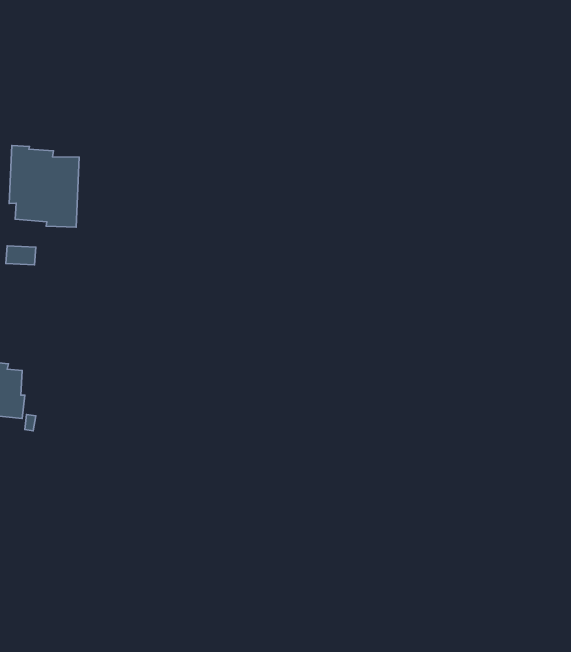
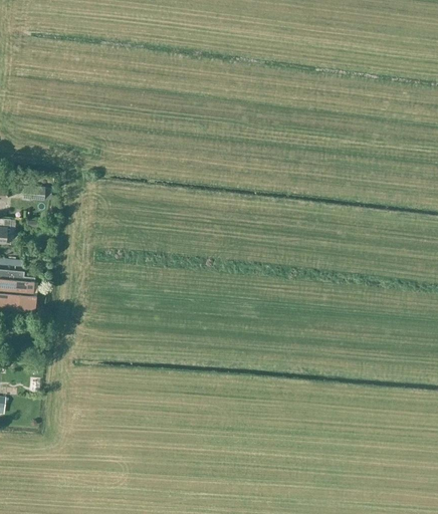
building: [9,146,79,227] -> none

